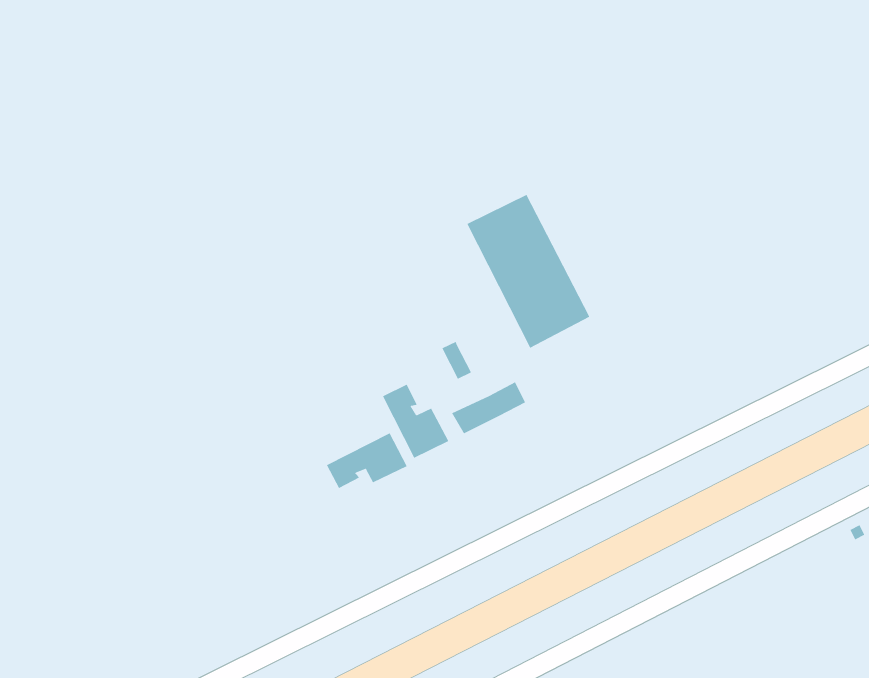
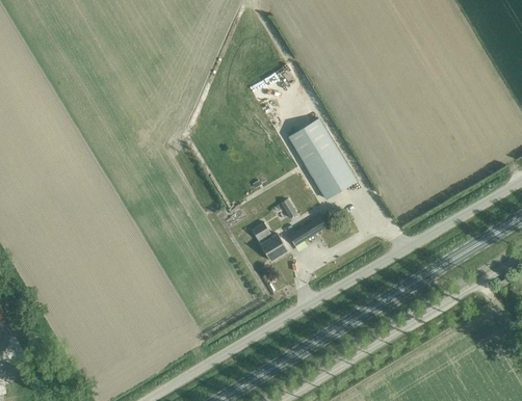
building: [326,432,408,489] -> none

